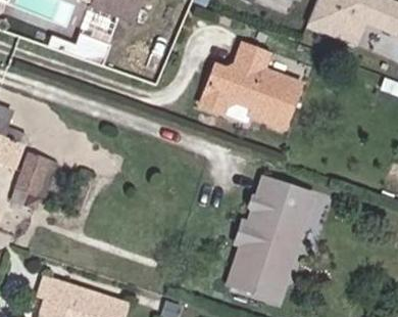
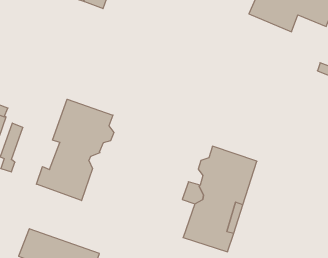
building: [202,45,302,129] -> none
building: none -> [36,99,114,201]

